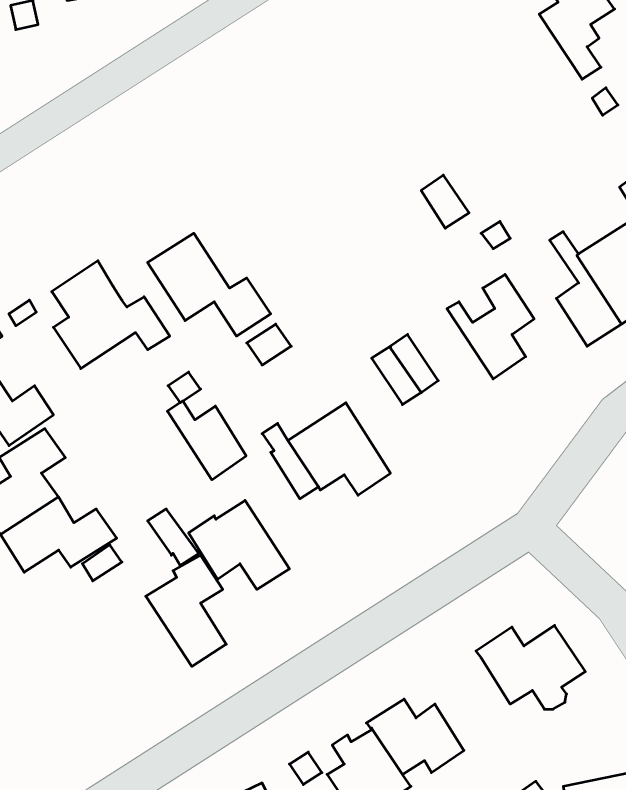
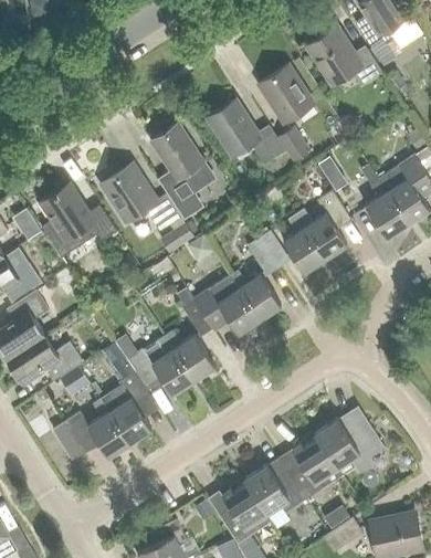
building: none -> [306,25,381,86]
building: none -> [259,65,313,123]
building: none -> [206,99,285,165]
building: none -> [150,124,211,219]
building: none -> [283,213,325,273]
building: none -> [230,270,281,319]
building: [167,401,246,480] -> [165,330,216,381]
building: none -> [52,399,130,461]
building: none -> [287,439,336,498]

